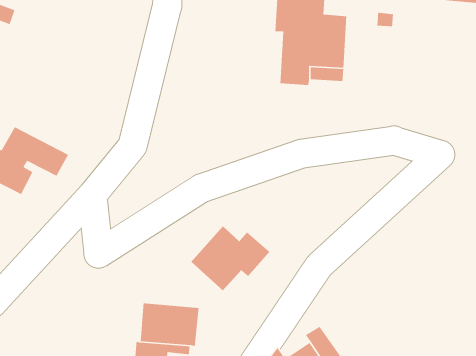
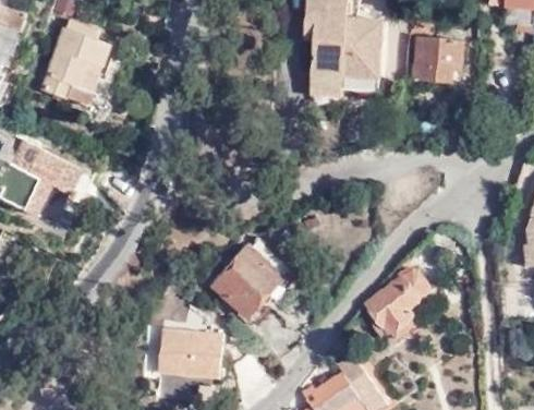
building: none -> [41,19,109,104]
building: none -> [412,36,462,81]
building: none -> [366,268,436,339]

